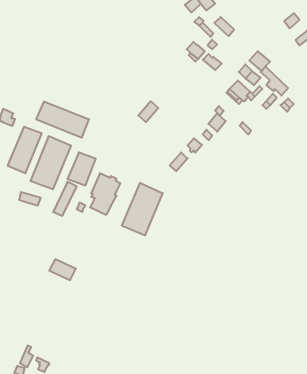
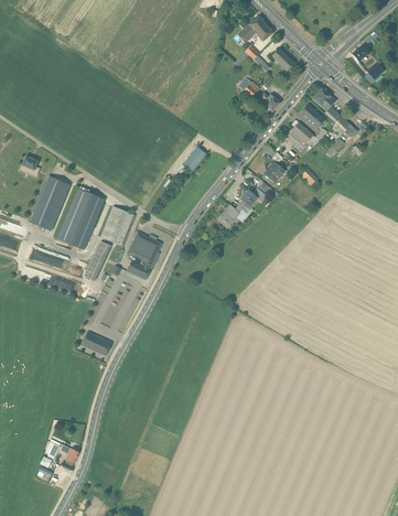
building: [36,101,89,138] -> none
building: [122,183,163,235] -> none

